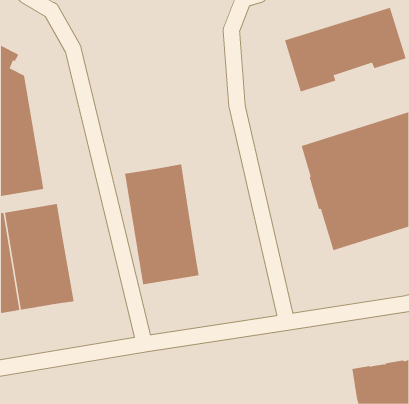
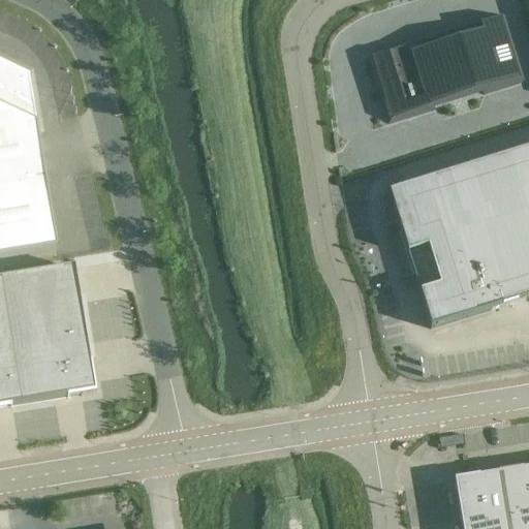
building: [124,164,199,285] -> none

